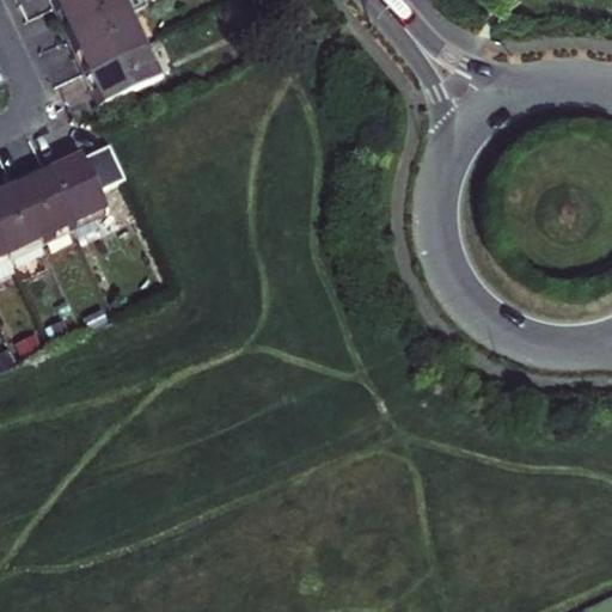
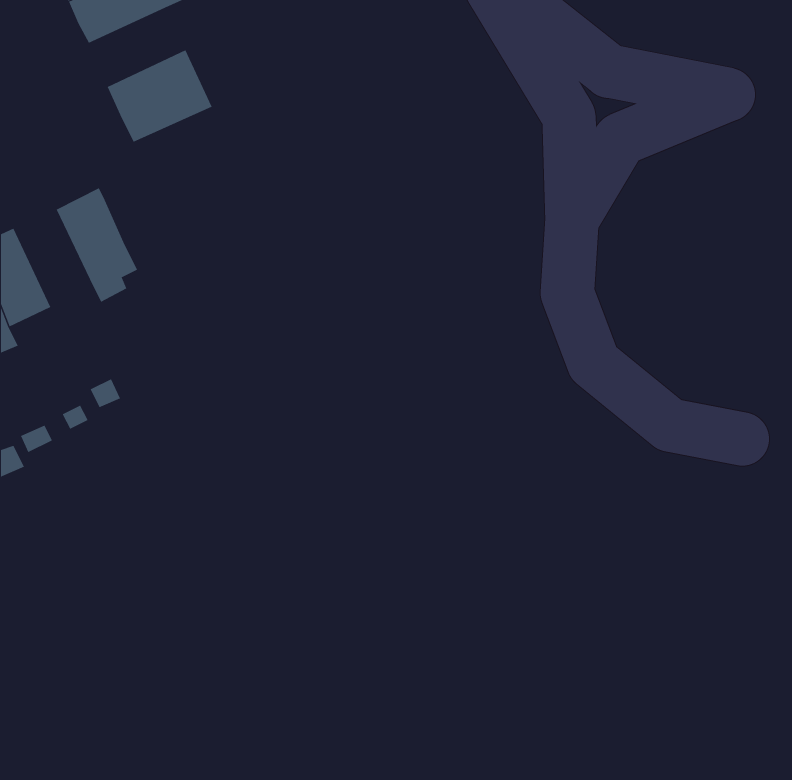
building: [68,6,143,67] -> none
building: [81,141,124,189] -> none
building: [11,161,72,237] -> none

